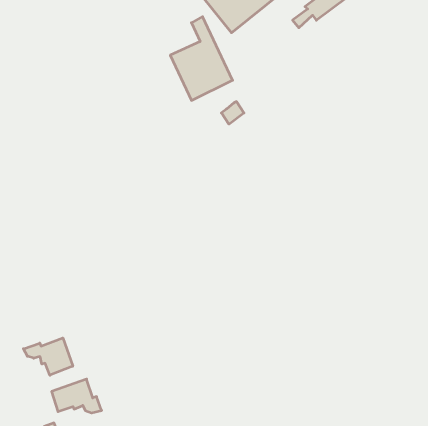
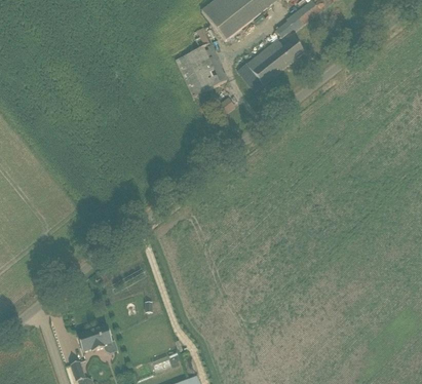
building: none -> [238,37,305,90]
building: [23,338,73,375] -> none

